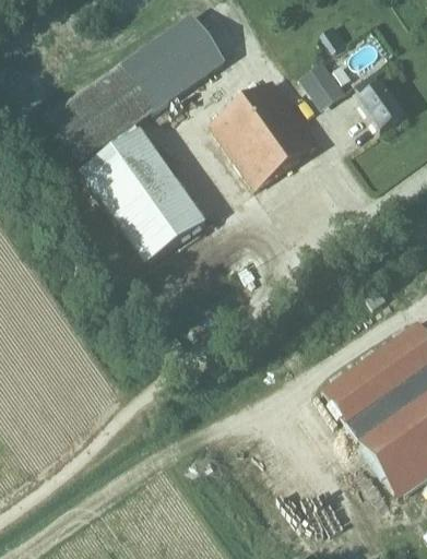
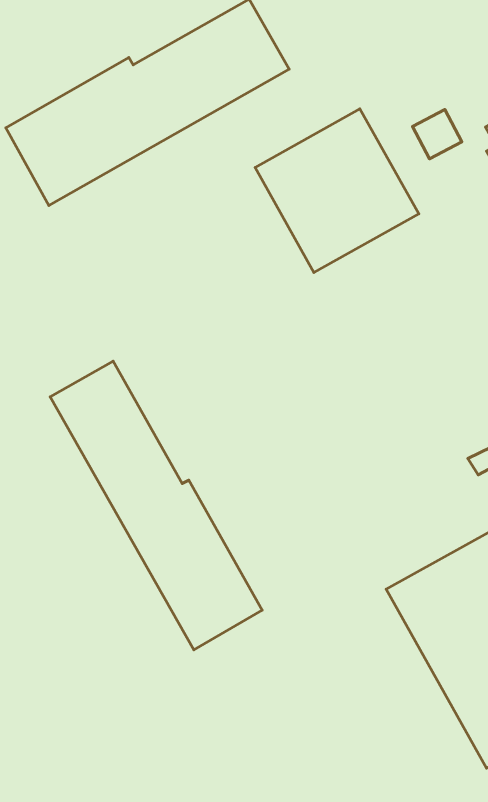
building: [81,123,205,264] -> none
building: none -> [50,361,262,650]

